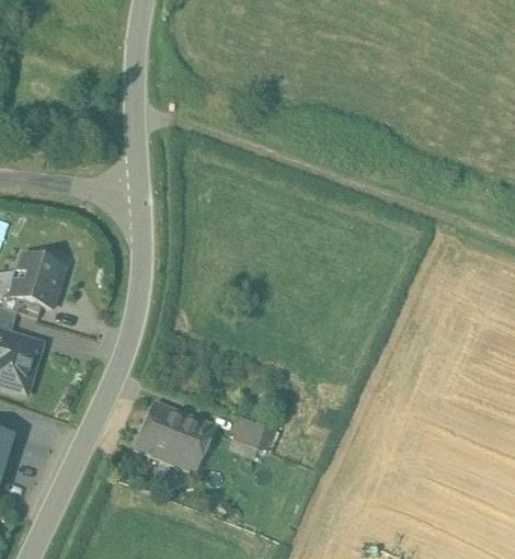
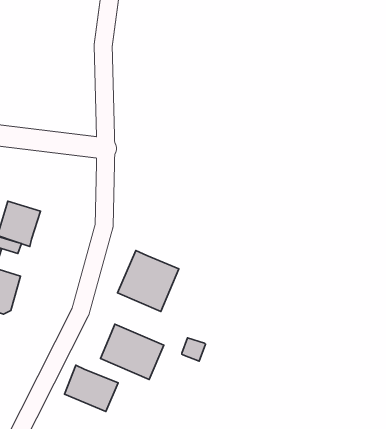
building: none -> [118,250,179,311]
building: none -> [64,365,118,412]

